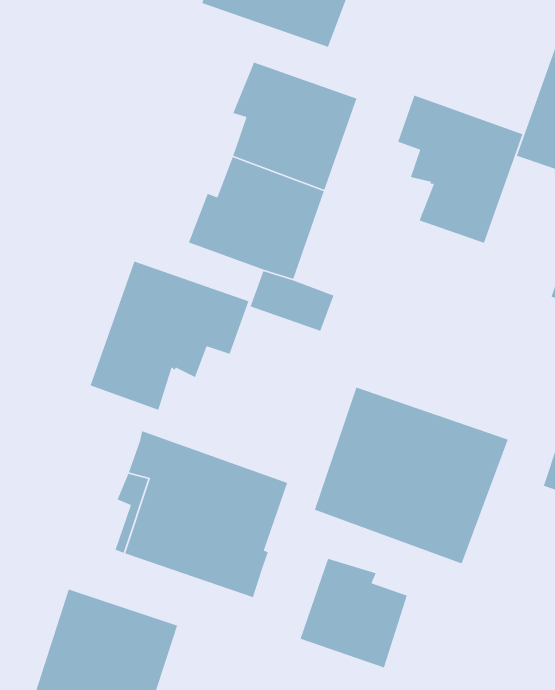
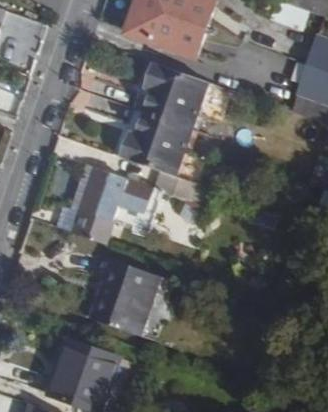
building: [397,94,524,244] -> none
building: [314,387,509,565] -> none
building: [299,558,408,668] -> none

